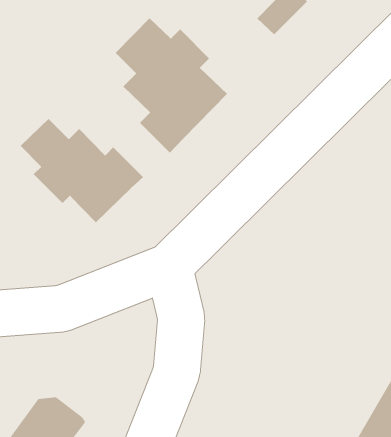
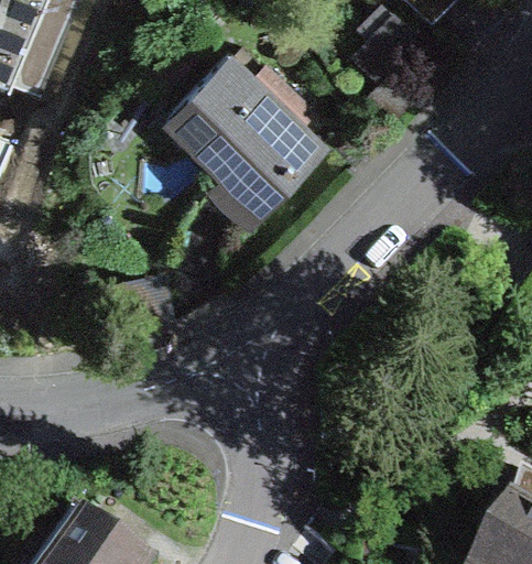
building: [20,118,144,223] -> none

